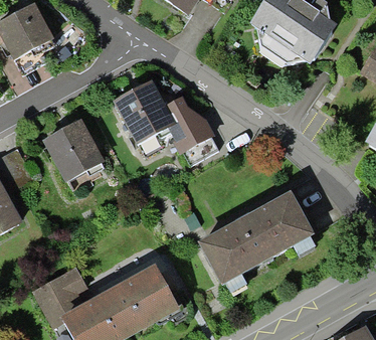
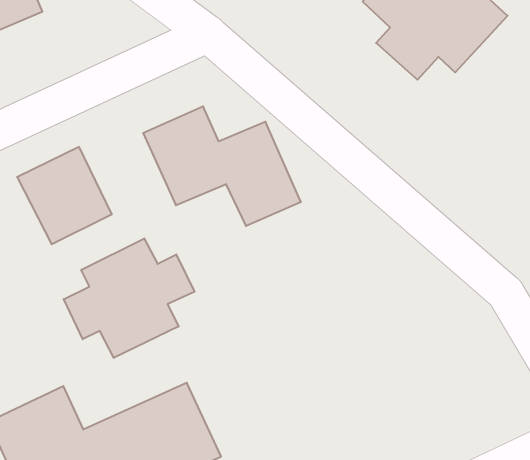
building: none -> [64,238,195,358]
building: [197,189,317,290] -> none

